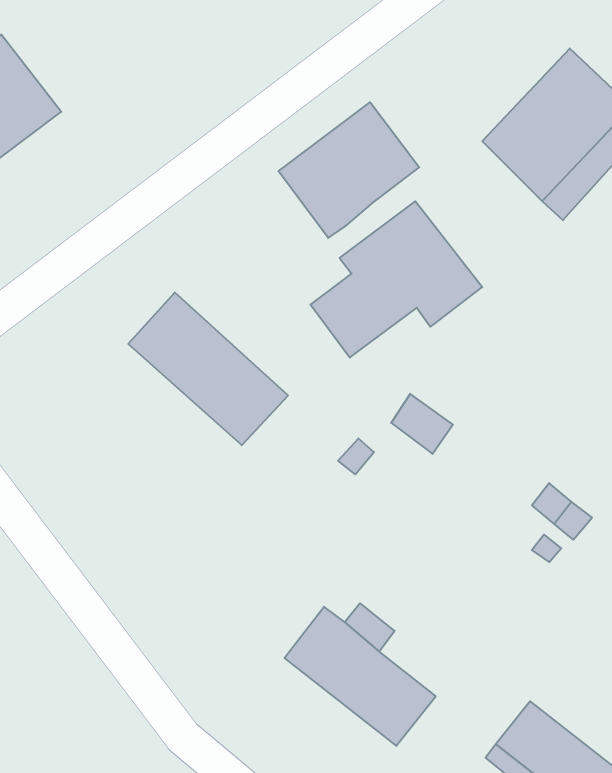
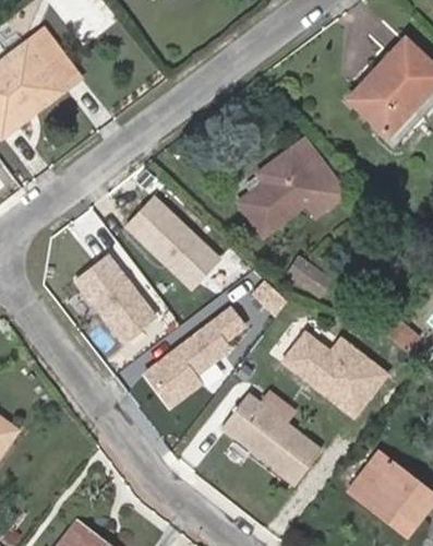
building: [279,102,419,238] -> none
building: none -> [72,253,158,345]
building: none -> [137,306,245,415]
building: none -> [278,325,388,417]

